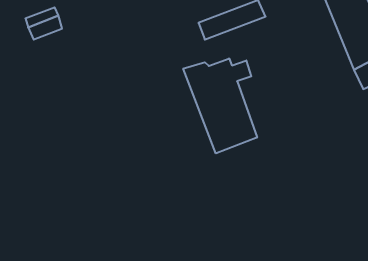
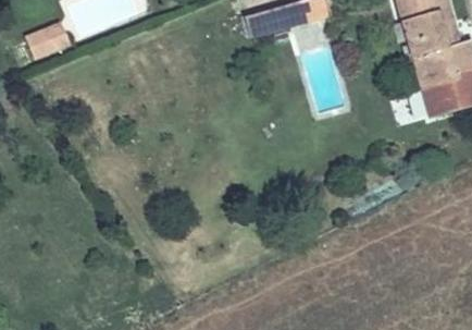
building: [183,58,257,153] -> none

